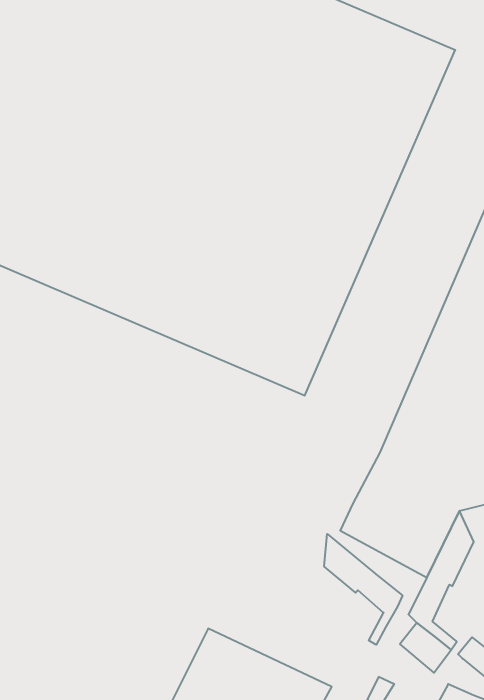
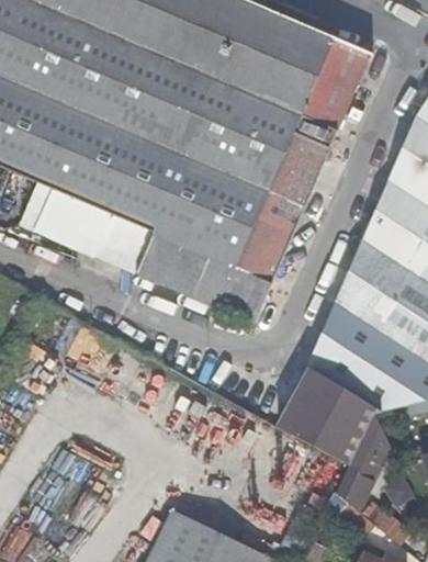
building: [324,534,402,645] -> none

